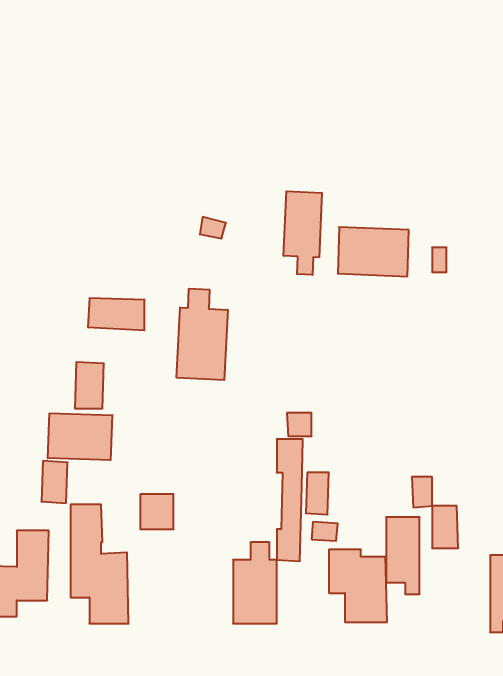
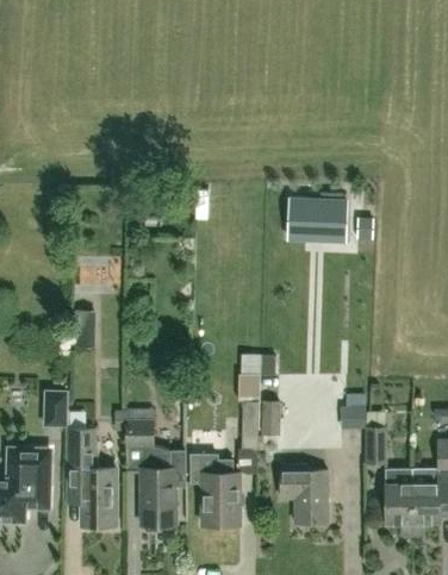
building: [284,191,322,275] -> none
building: [177,289,228,380] -> none
building: [48,413,112,460] -> none
building: [386,517,420,594] -> [385,469,412,532]
building: none -> [142,450,185,531]

